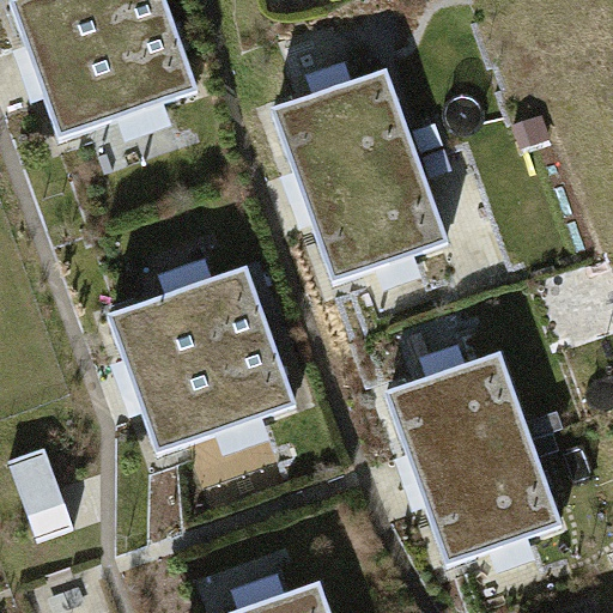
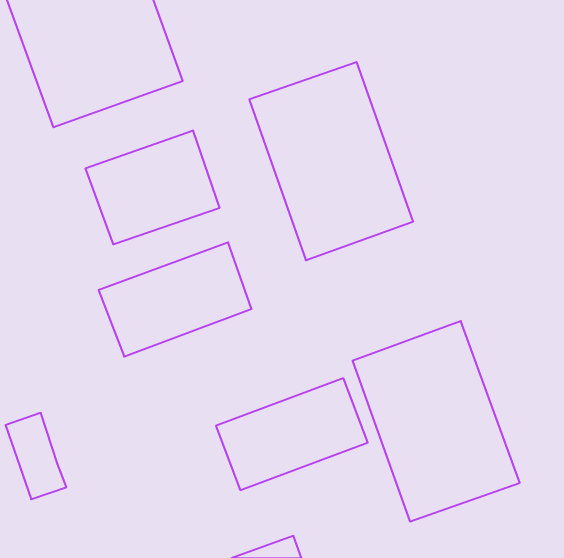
building: none -> [86,130,219,244]
building: [134,334,298,455] -> [216,378,368,490]

